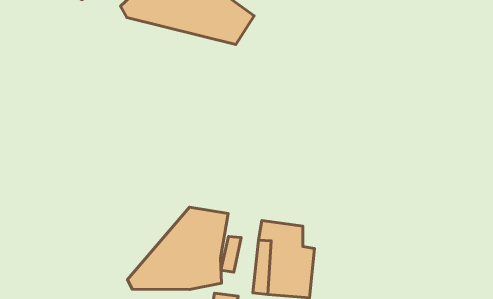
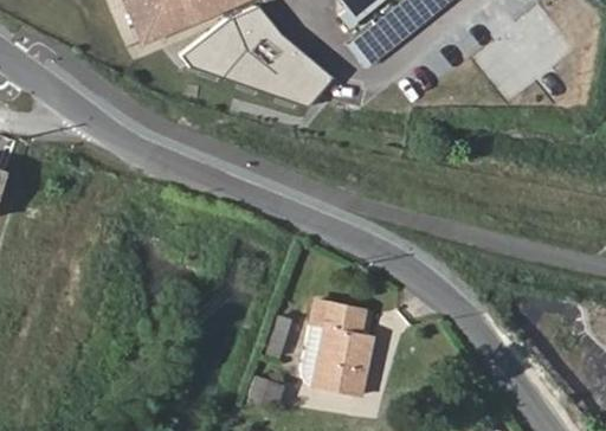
building: [128,207,228,289] -> none

